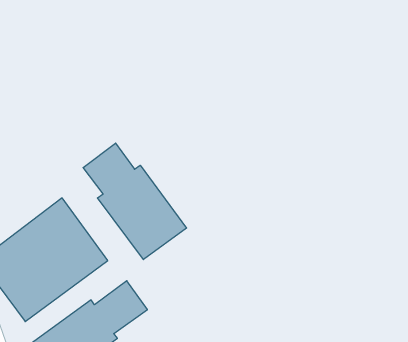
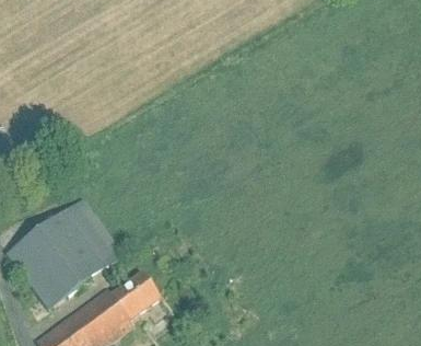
building: [83,143,187,260] -> none

